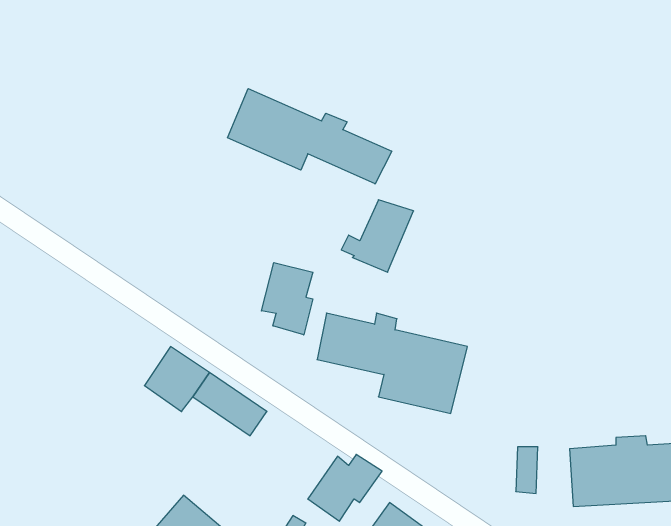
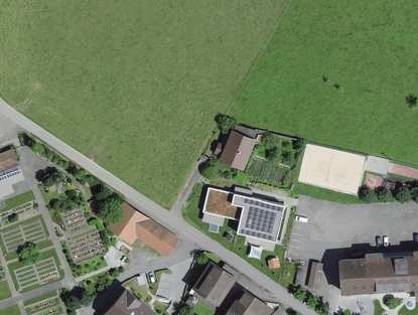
building: [227,89,392,184] -> none
building: [261,263,313,335] -> none

